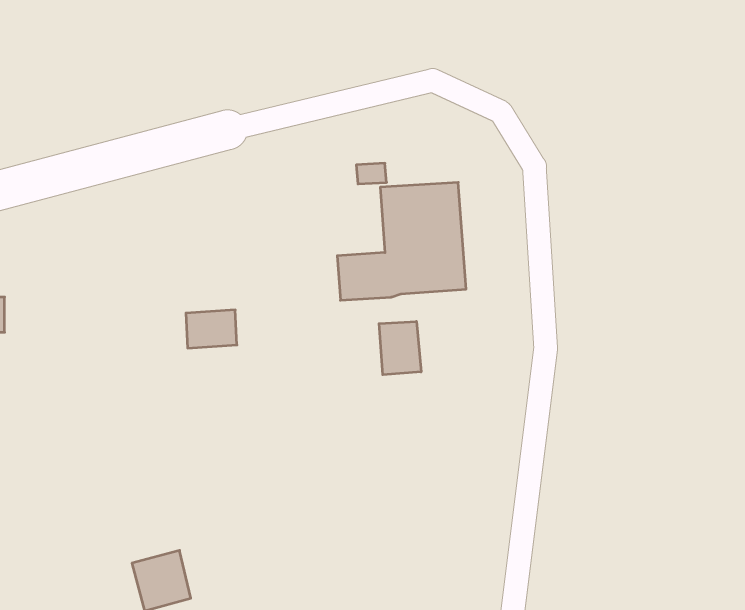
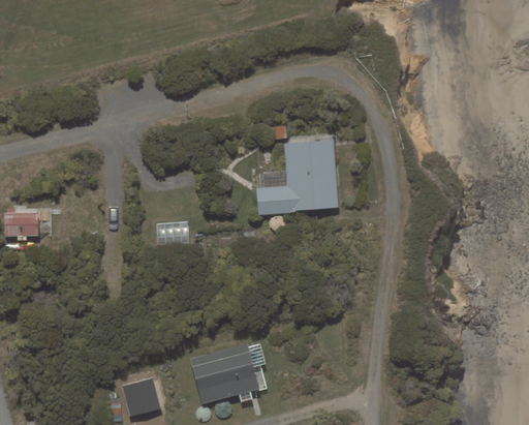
building: [379,321,421,375] -> none
building: none -> [190,343,267,404]

